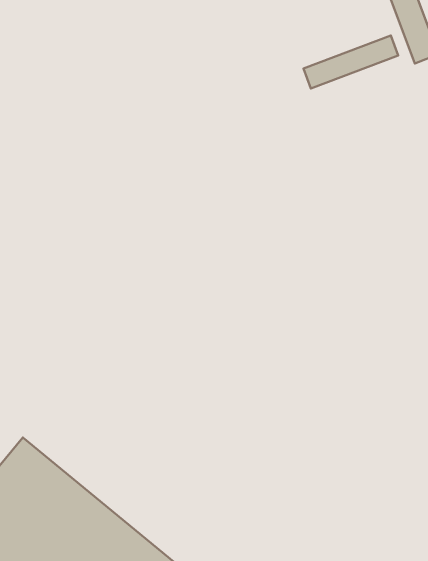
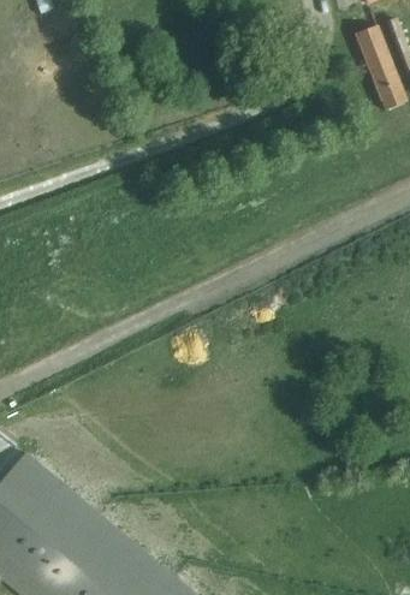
building: [304,35,398,89] -> none

